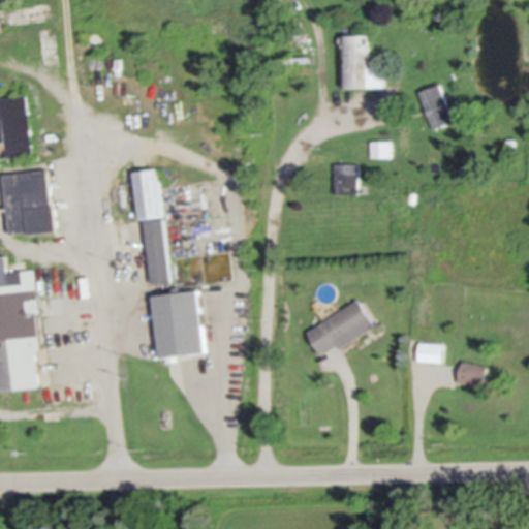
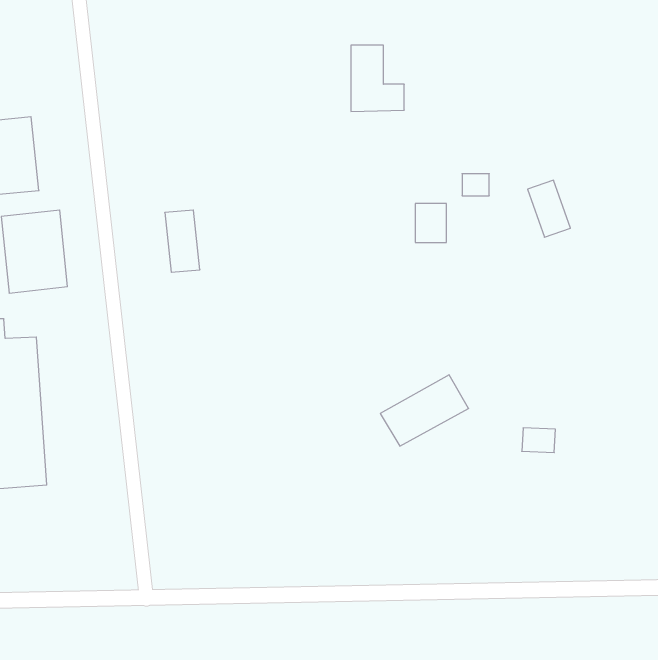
building: [339,35,381,88] -> [351,45,404,111]
building: [416,84,450,129] -> [528,180,570,237]
building: [144,220,168,285] -> none
building: [151,291,203,357] -> none
building: [453,361,485,390] -> none

